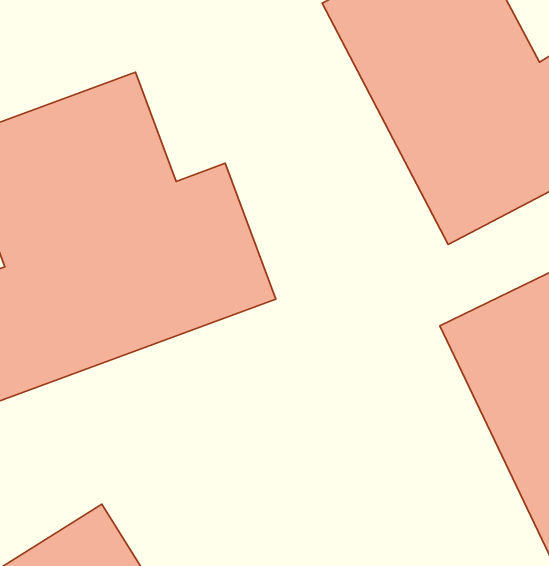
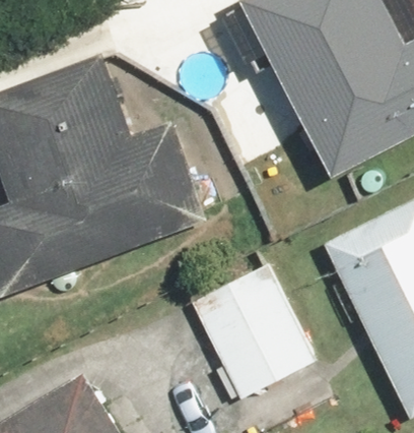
building: none -> [193,259,317,394]

